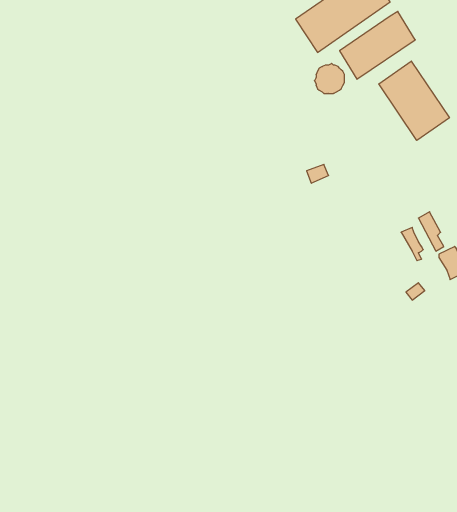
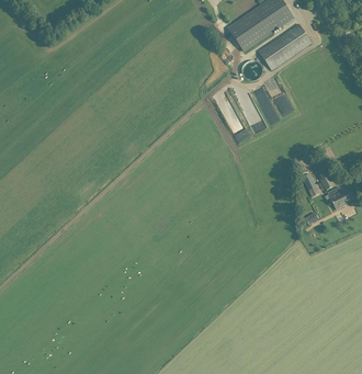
building: [379,61,449,140] -> none

